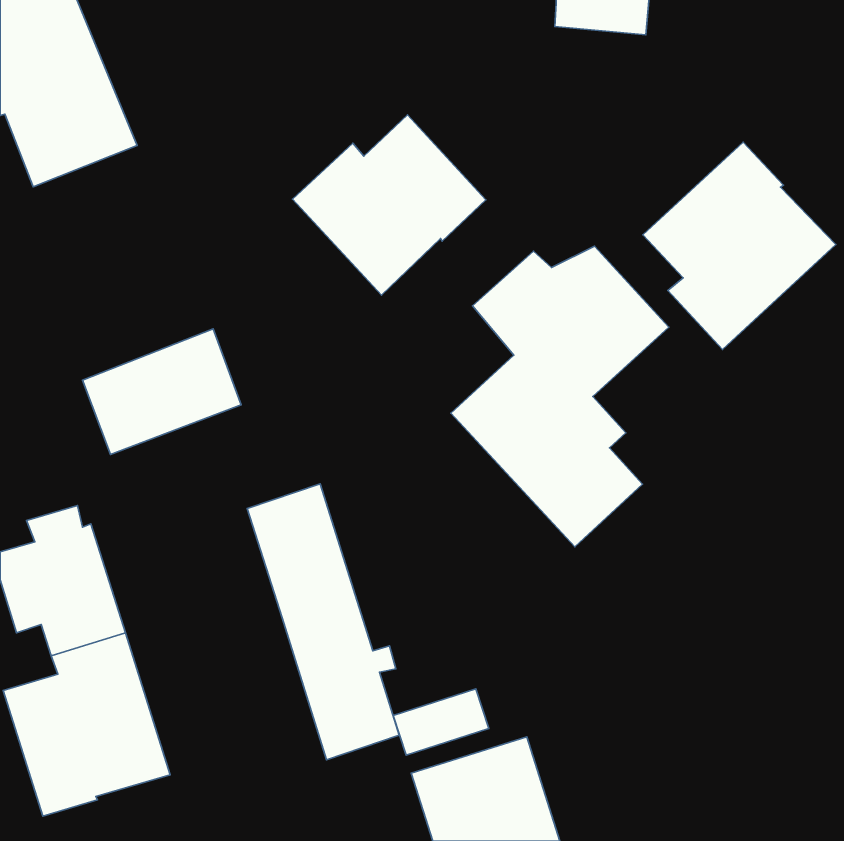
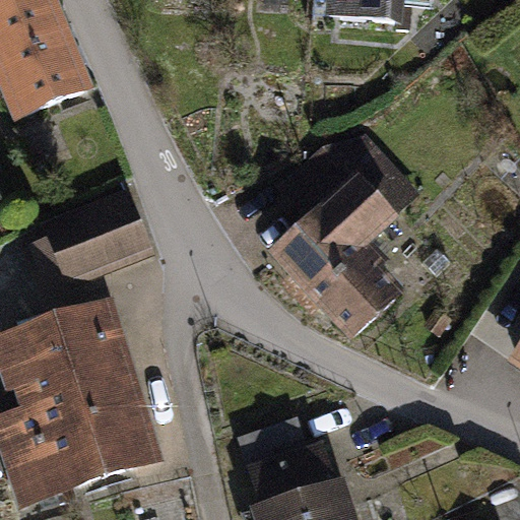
building: [293,115,486,295] -> none
building: [643,142,836,349] -> none
building: [247,484,399,760] -> [56,307,149,476]

